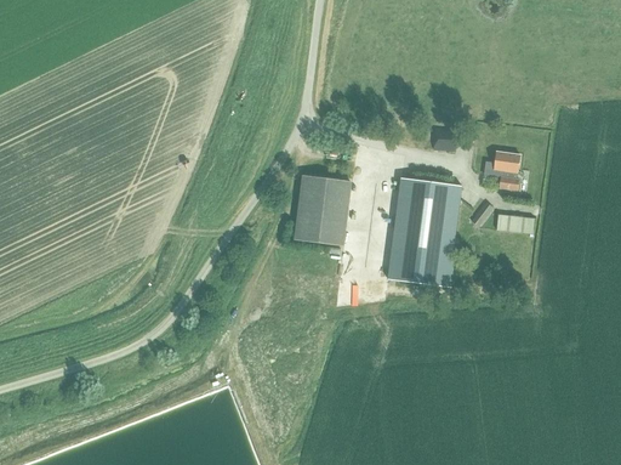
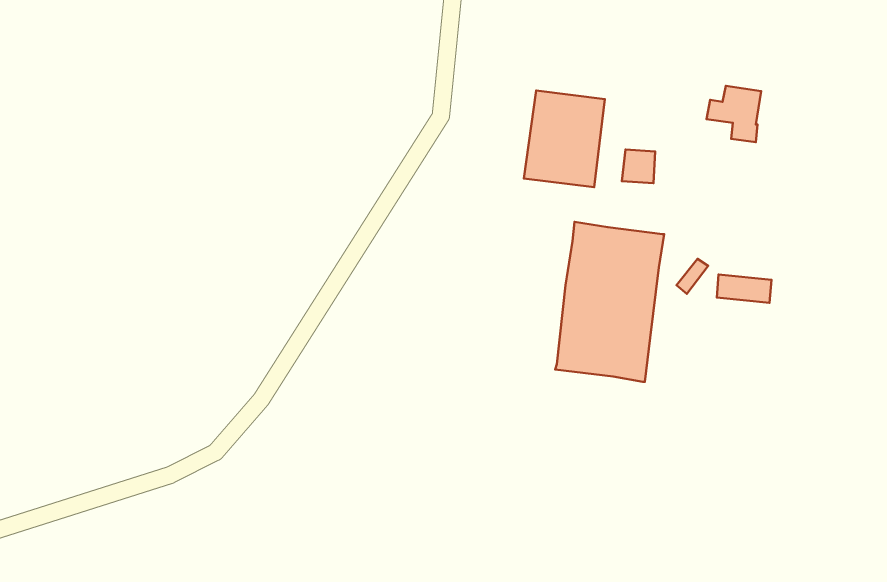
building: [483,151,520,189] -> [707,86,761,142]
building: [295,176,351,243] -> [524,90,605,187]

